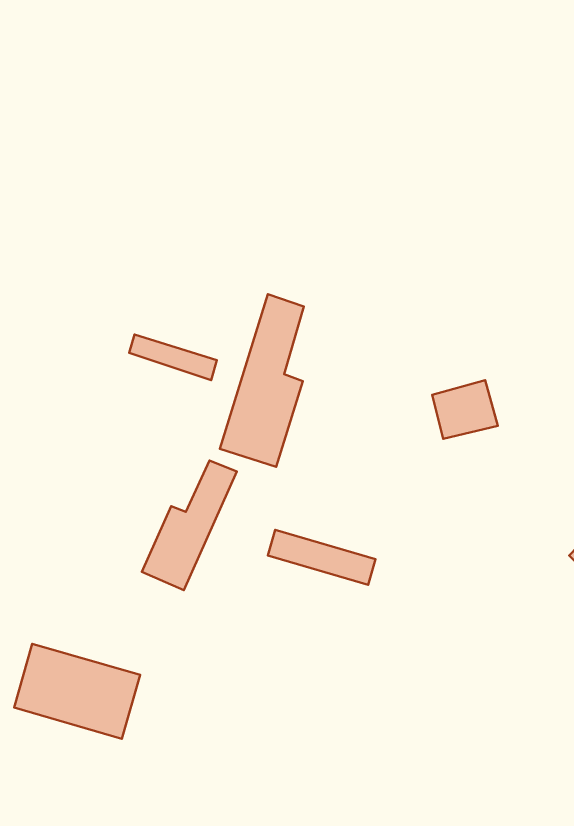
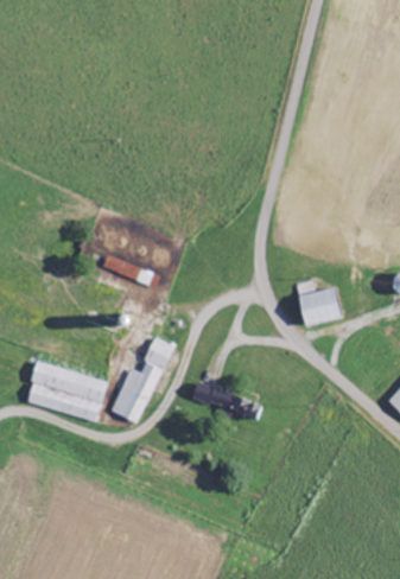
building: [220,294,304,467] -> none
building: [14,644,140,739] -> [25,360,107,421]

